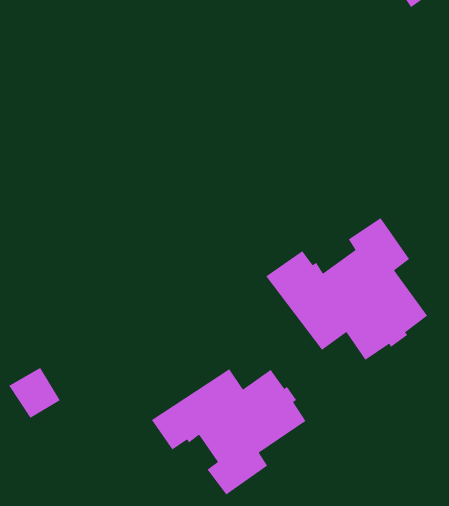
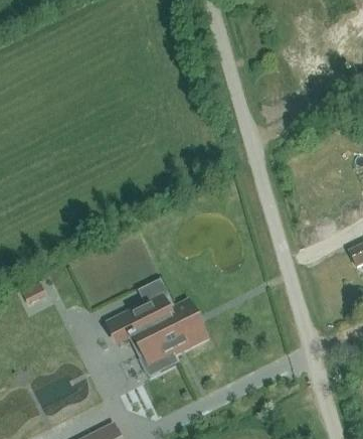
building: [265,217,428,361] -> none

